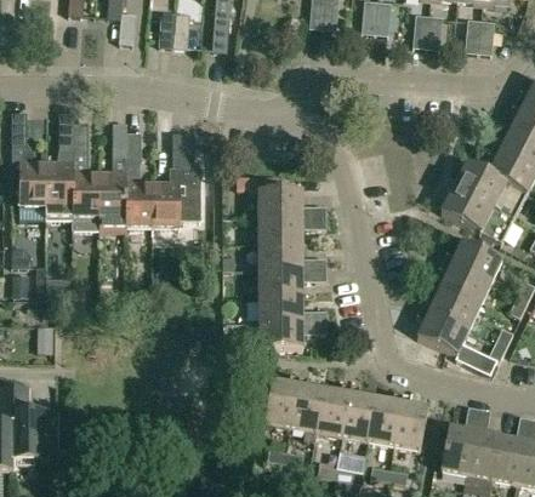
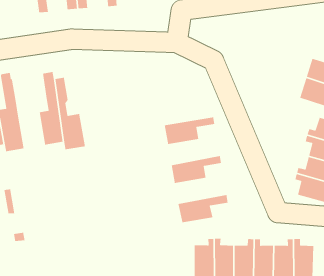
building: [73,122,99,229] -> none
building: [153,133,201,228] -> none
building: [260,176,326,217] -> none
building: [260,244,326,270] -> none
building: [260,296,326,322] -> none

